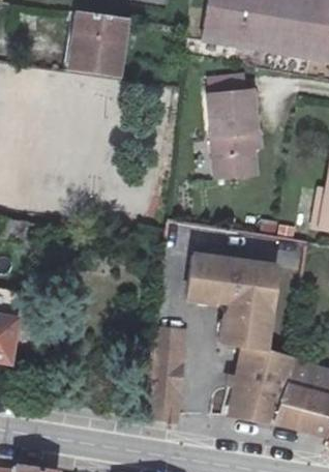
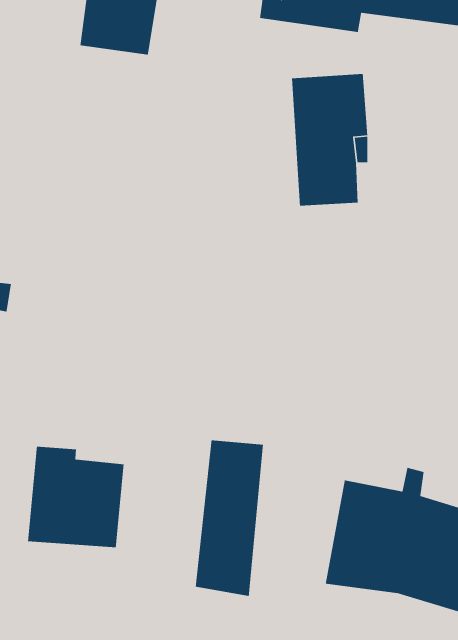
building: [187,249,279,351] -> none
building: none -> [27,446,125,548]

